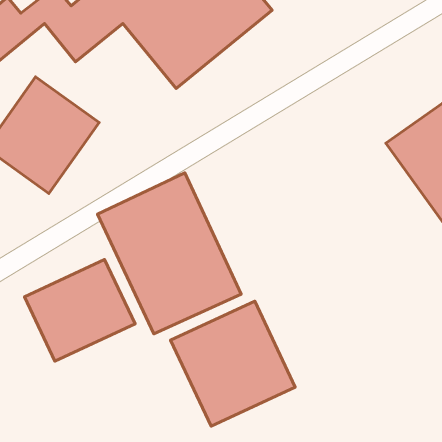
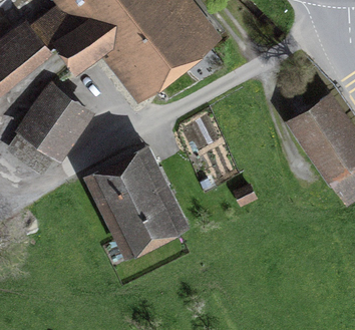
building: [24,260,135,361] -> none
building: [170,301,295,426] -> none

